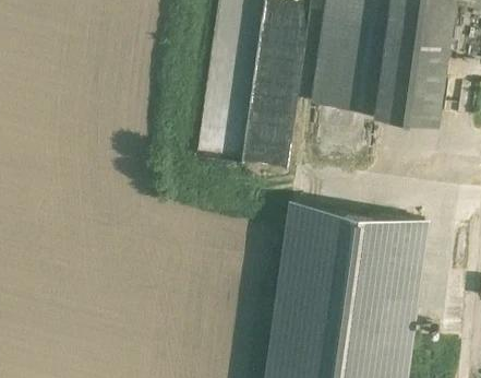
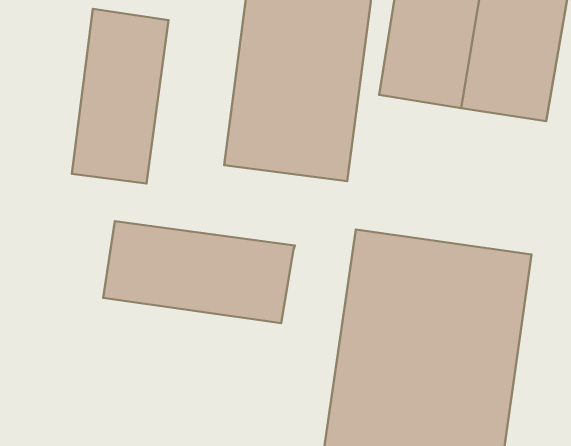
building: none -> [72,9,168,183]
building: none -> [103,221,295,323]

